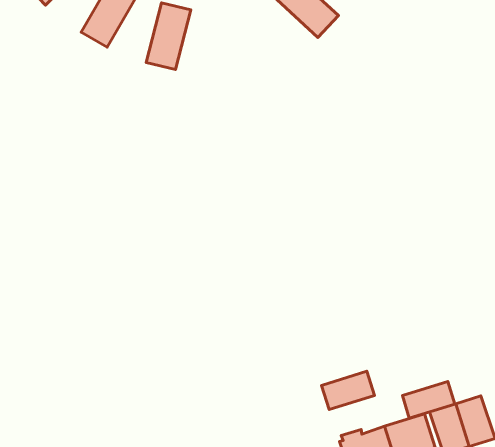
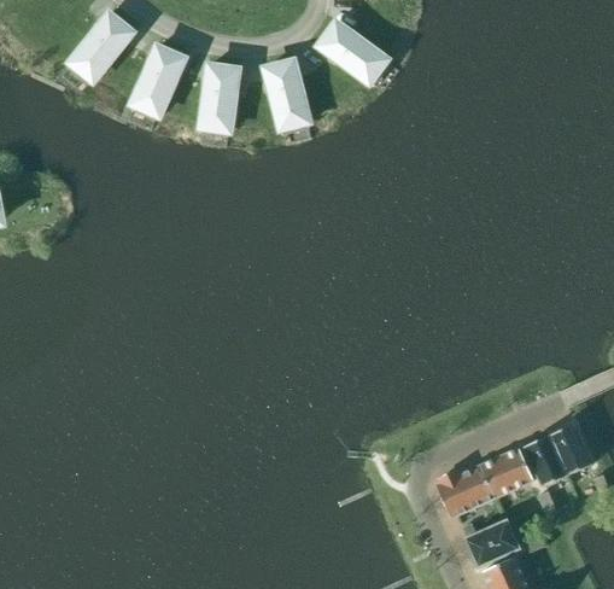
building: none -> [267,60,311,128]
building: [322,371,374,410] -> none
building: [402,381,455,418] -> none

